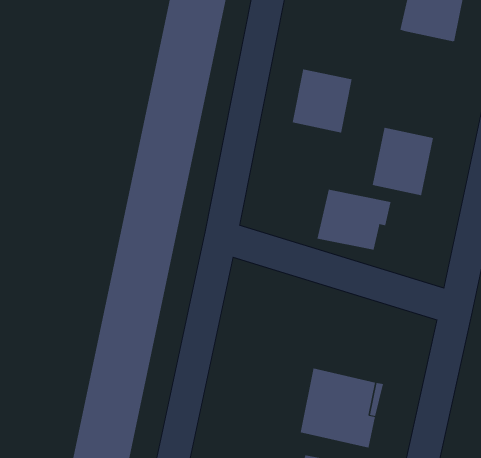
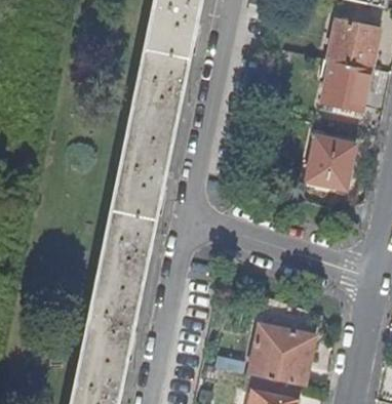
building: [292,69,352,133] -> [322,62,369,112]
building: [317,189,391,251] -> none

